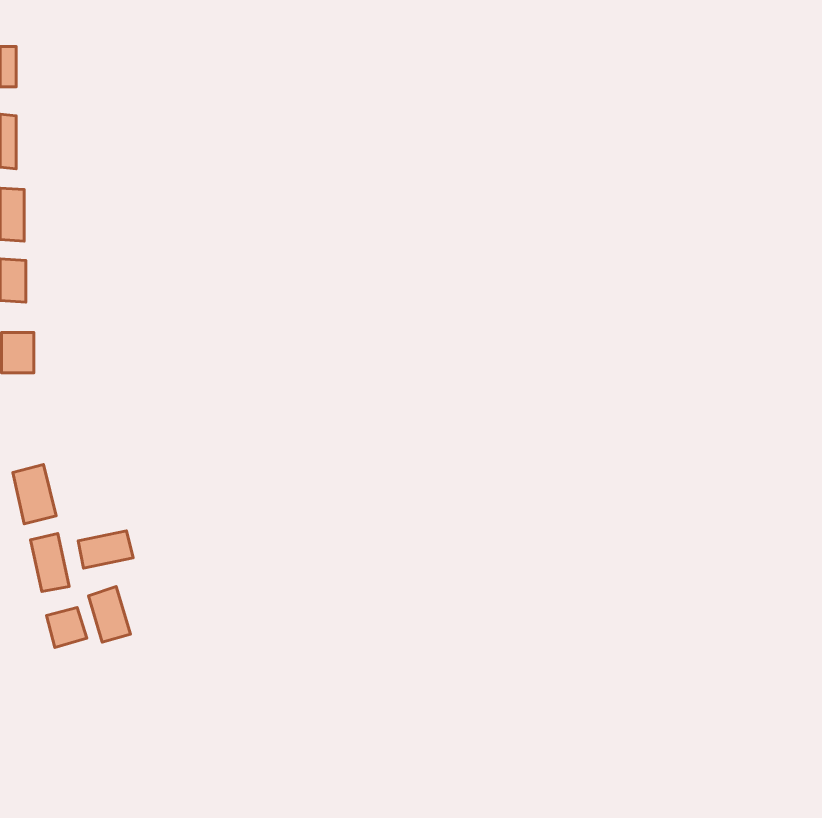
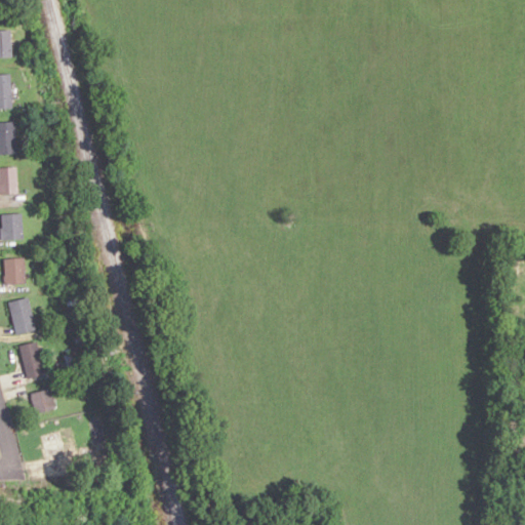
building: none -> [4,258,25,284]
building: [78,531,133,568] -> none
building: [89,587,131,642] -> none

